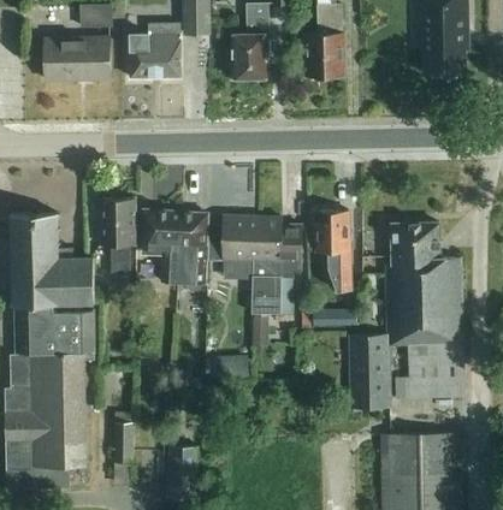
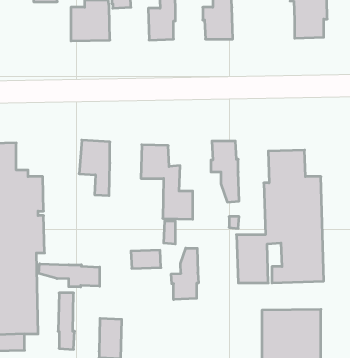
building: [45,37,111,79] -> none
building: [100,198,136,272] -> none
building: [181,212,208,290] -> none
building: [259,217,301,277] -> none
building: none -> [171,248,198,300]
building: none -> [39,264,100,287]

